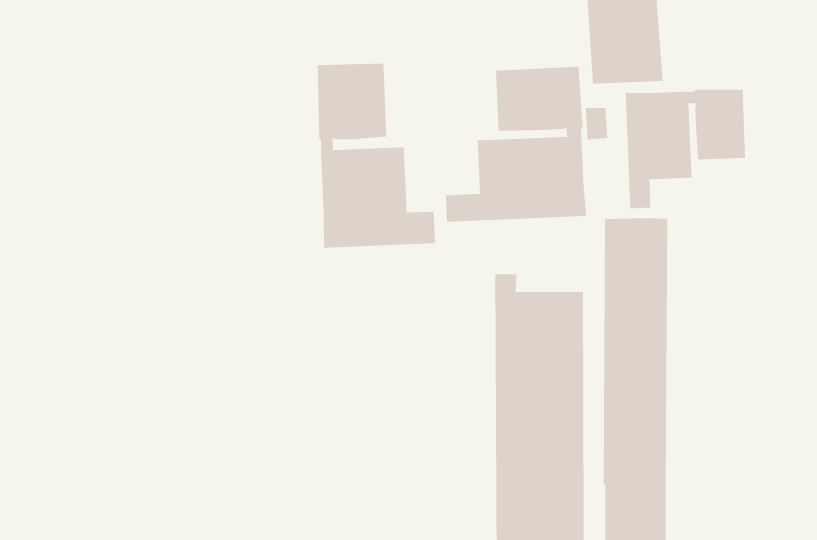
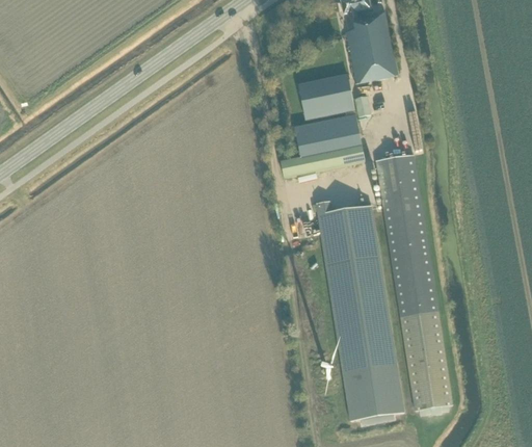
building: [317,63,435,249] -> none
building: [625,89,745,209] -> none

